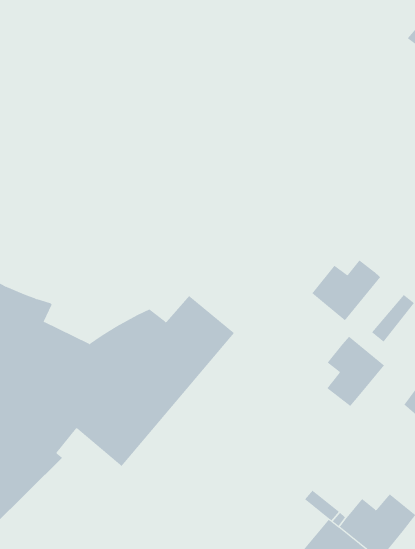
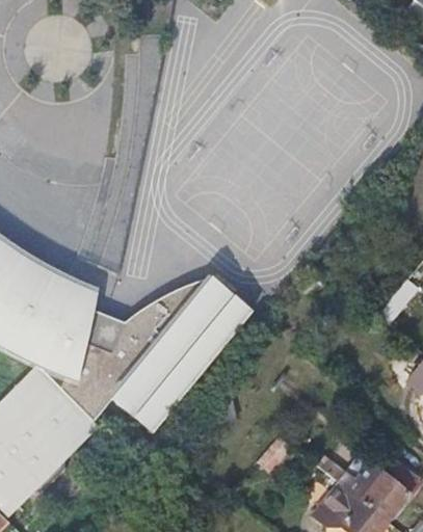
building: [312,259,381,321] -> none
building: [327,336,385,407] -> none

